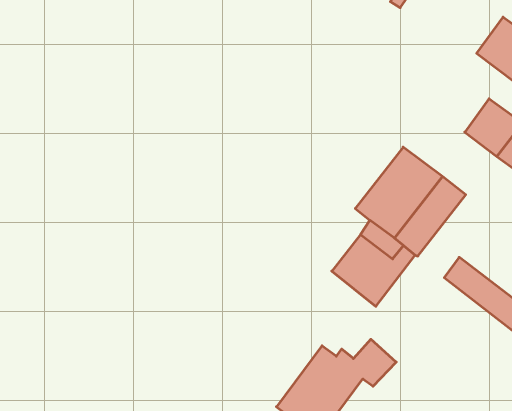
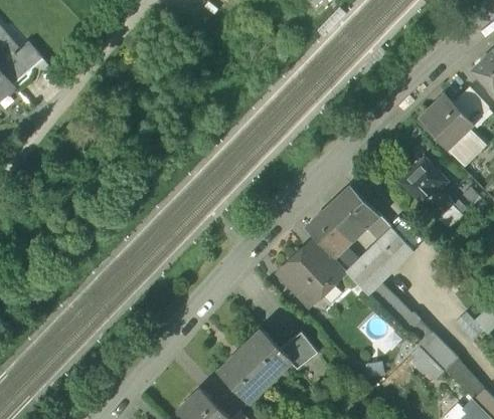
building: none -> [348,230,411,292]

